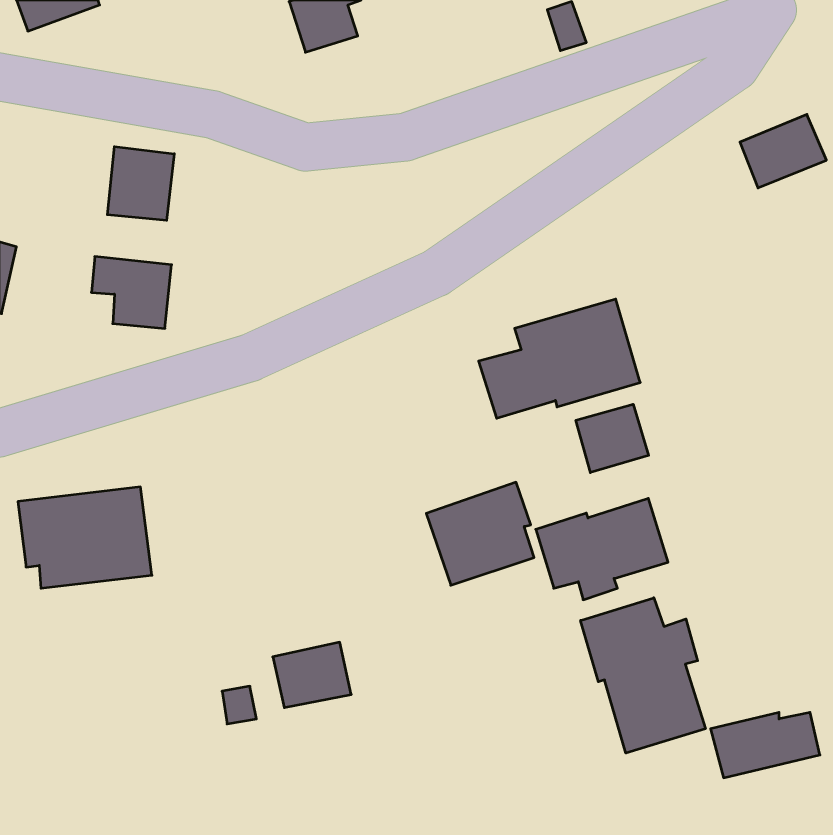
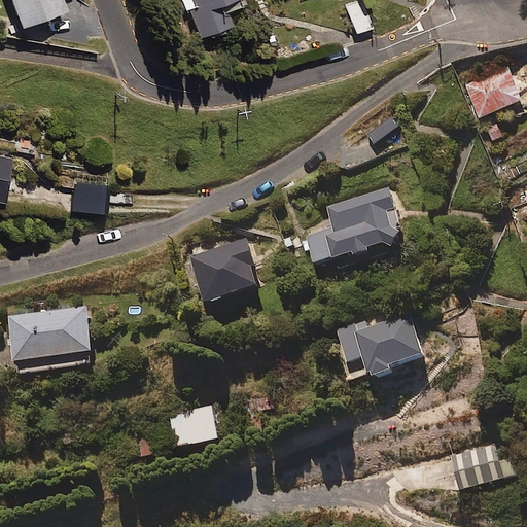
building: [107,147,174,220] -> none
building: [576,404,649,473] -> none
building: [426,482,534,585] -> [187,238,255,303]
building: [581,598,705,753] -> none

